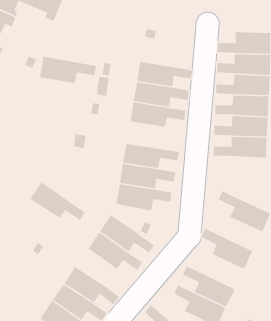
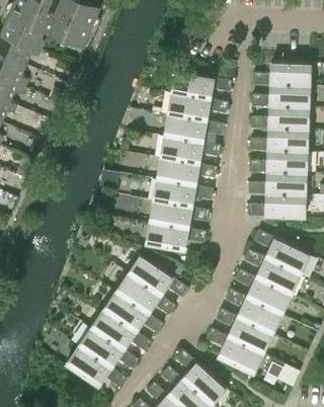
building: [39,56,97,84] -> [171,72,232,101]
building: none -> [157,159,217,187]
building: none -> [247,195,305,220]
building: [29,181,86,221] -> [103,293,163,334]
building: none -> [244,251,301,295]
building: none -> [226,291,281,335]

